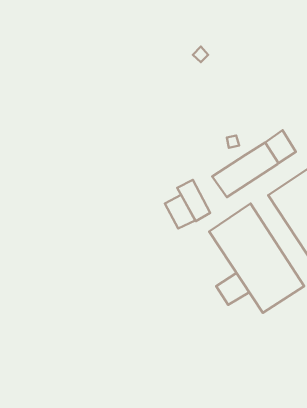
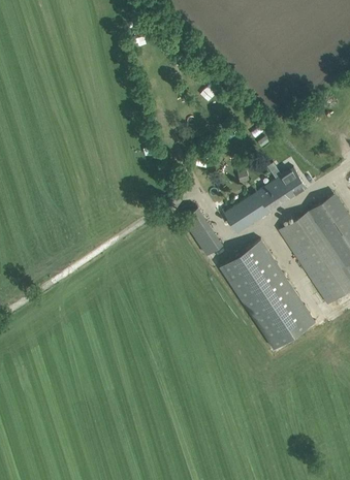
building: [165,195,195,228] -> none
building: [216,273,249,305] -> none

